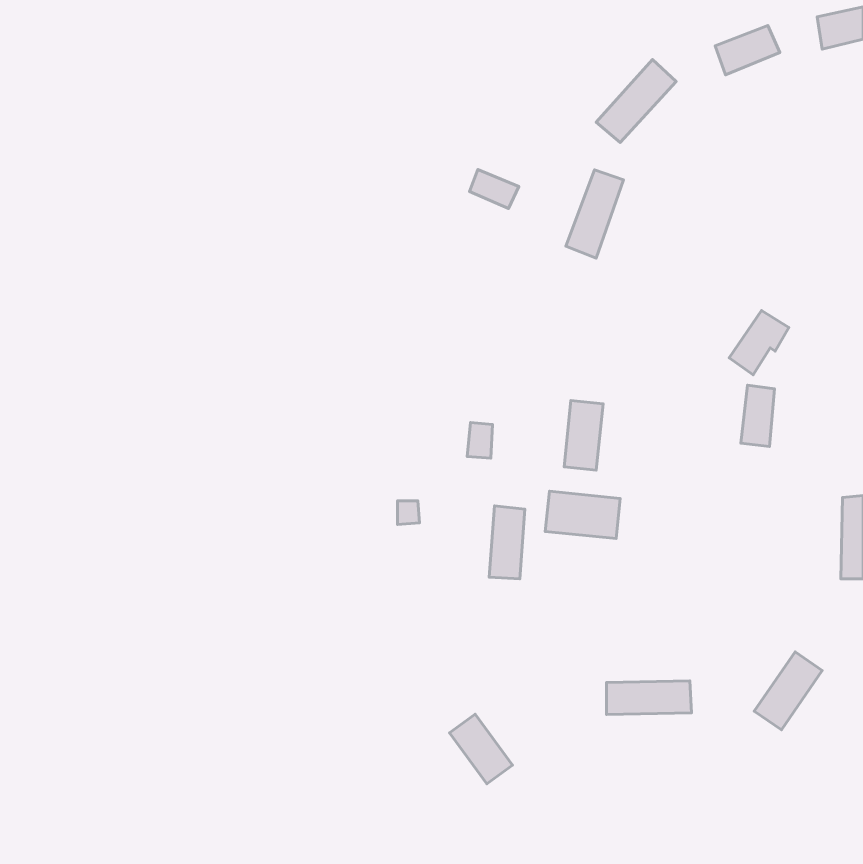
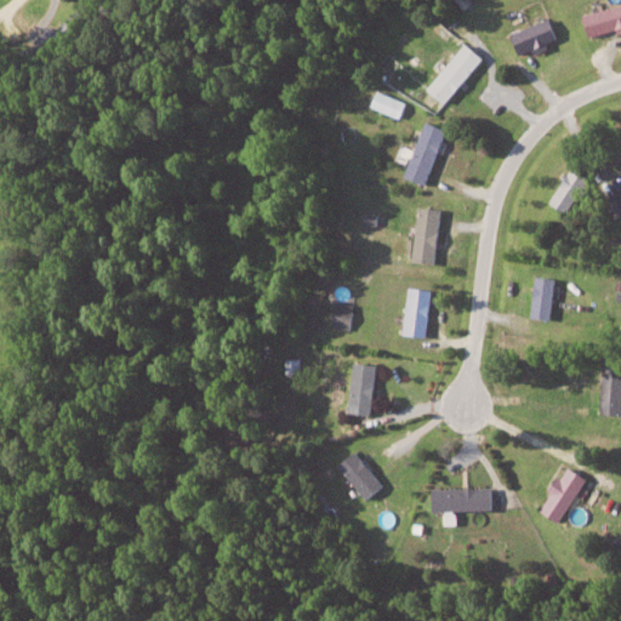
building: [469,169,519,208] -> [370,92,405,120]
building: none -> [411,207,441,266]
building: [729,310,789,375] -> [548,169,591,215]
building: [545,491,620,539] -> none
building: [450,714,512,784] -> [338,452,383,502]

